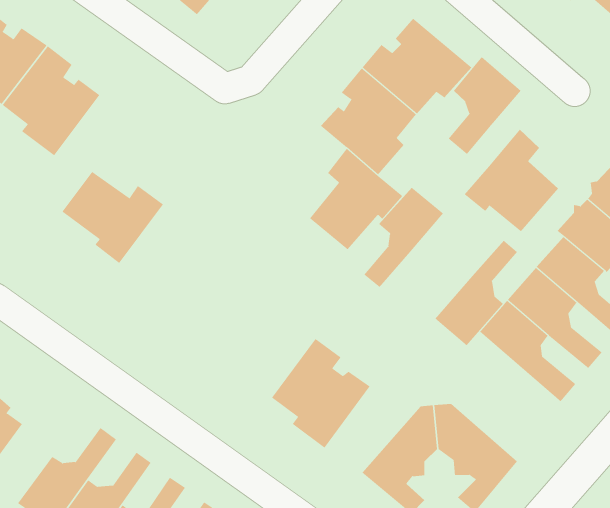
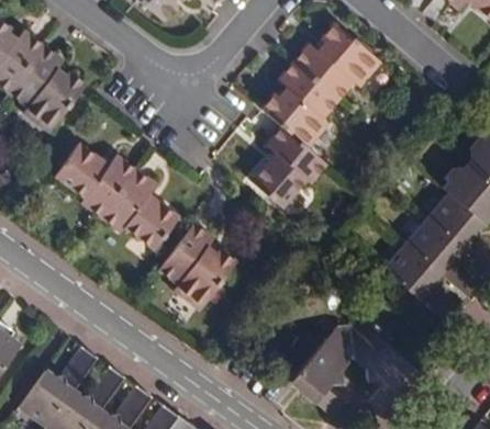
building: [448,56,521,155] -> none
building: [464,129,559,232] -> none
building: [364,187,444,288] -> none
building: none -> [99,169,176,248]
building: [435,240,518,346] -> none
building: [271,338,371,449] -> [155,221,234,308]

